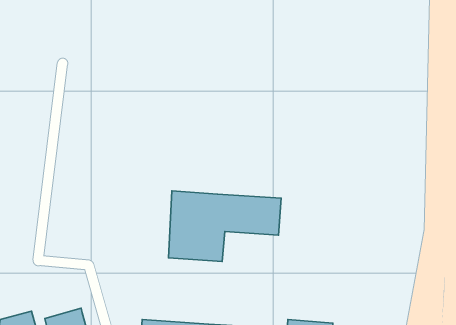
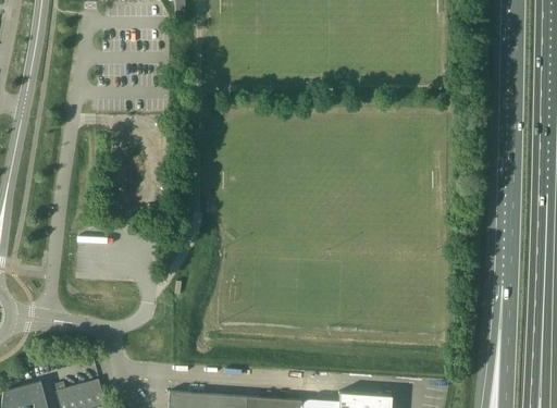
building: [168,191,281,261] -> none

